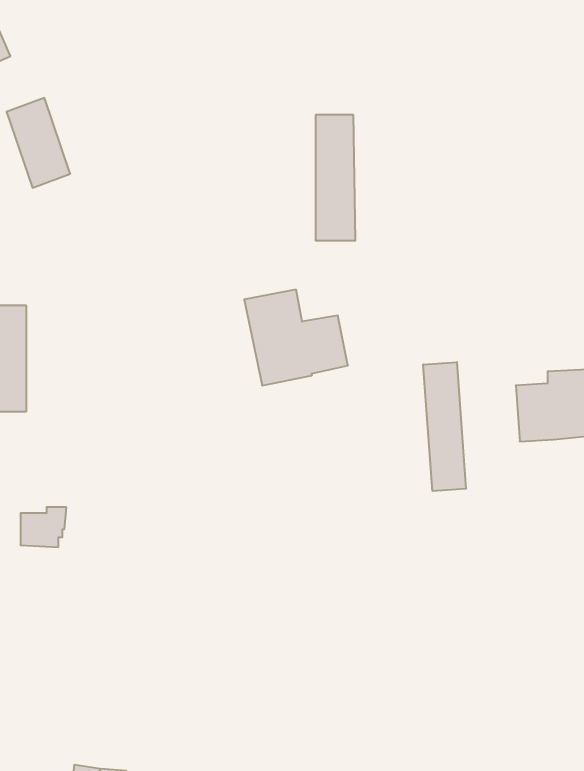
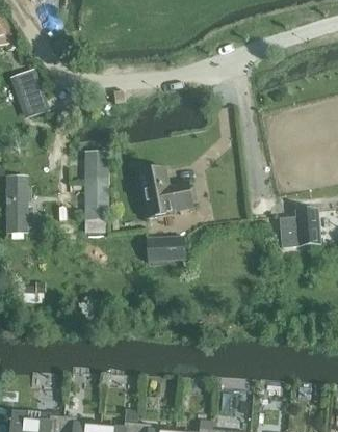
building: [316,115,355,241] -> [85,152,106,217]
building: [423,362,466,491] -> none
building: none -> [145,235,184,261]

